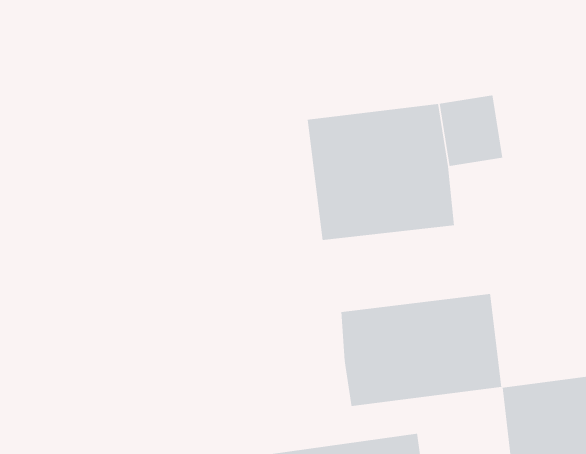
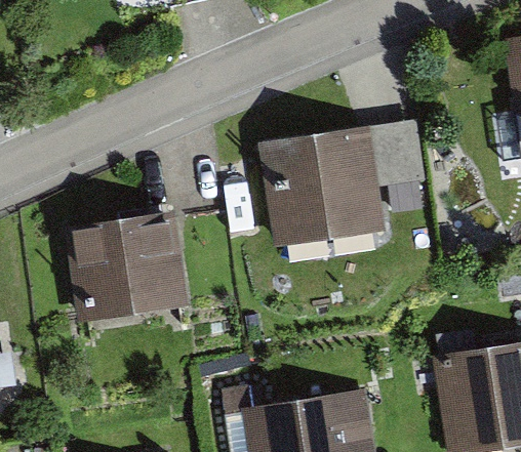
building: none -> [67,222,187,328]
building: [341,293,502,407] -> none

